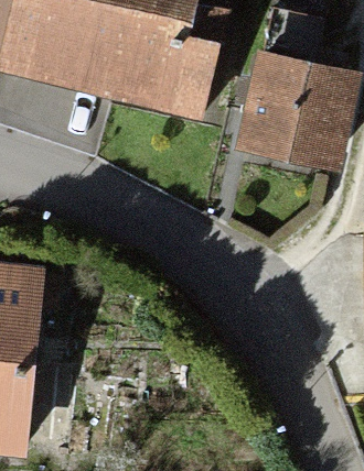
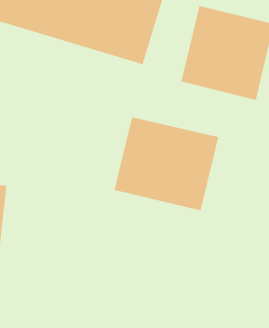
building: none -> [114,116,219,211]

